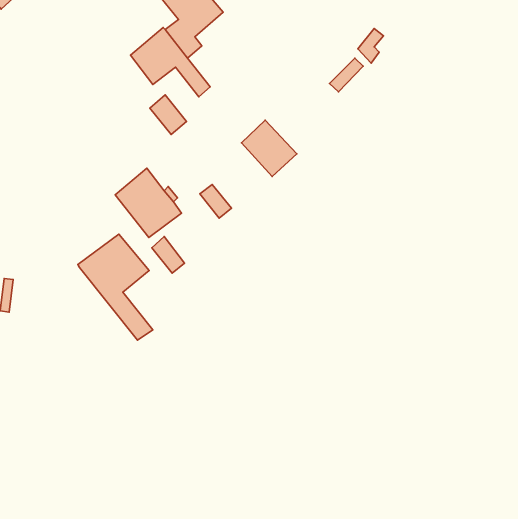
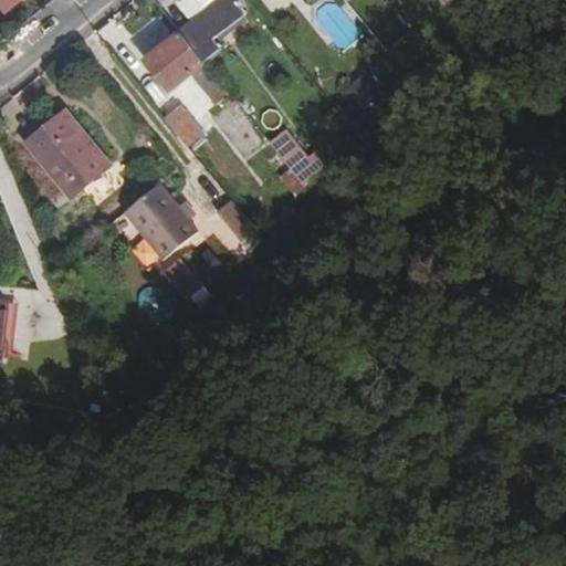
building: none -> [27,111,108,198]
building: [78,234,153,340] -> none

